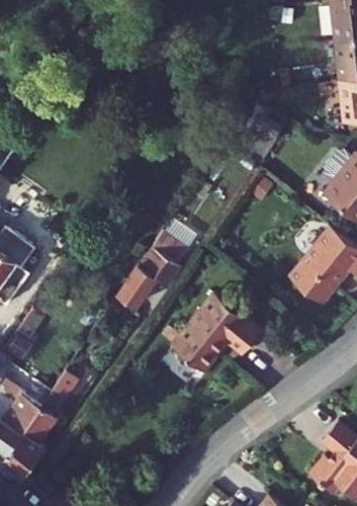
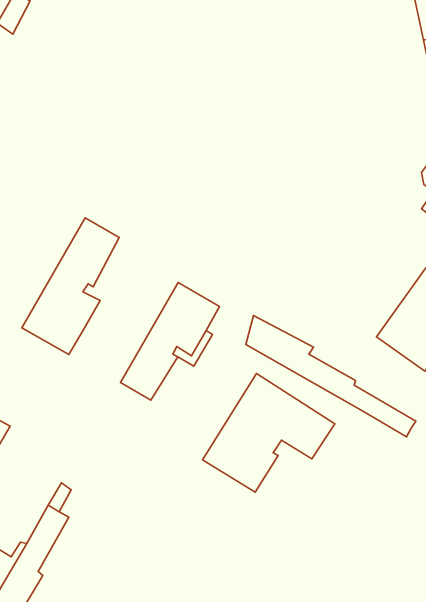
building: none -> [22,218,119,355]
building: none -> [246,315,416,437]

